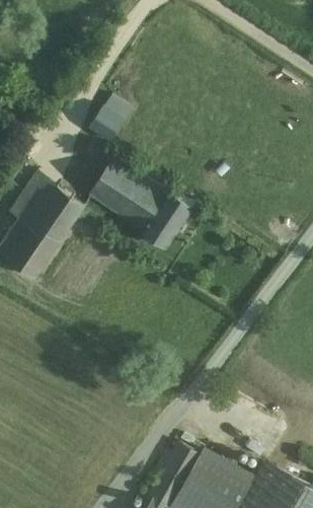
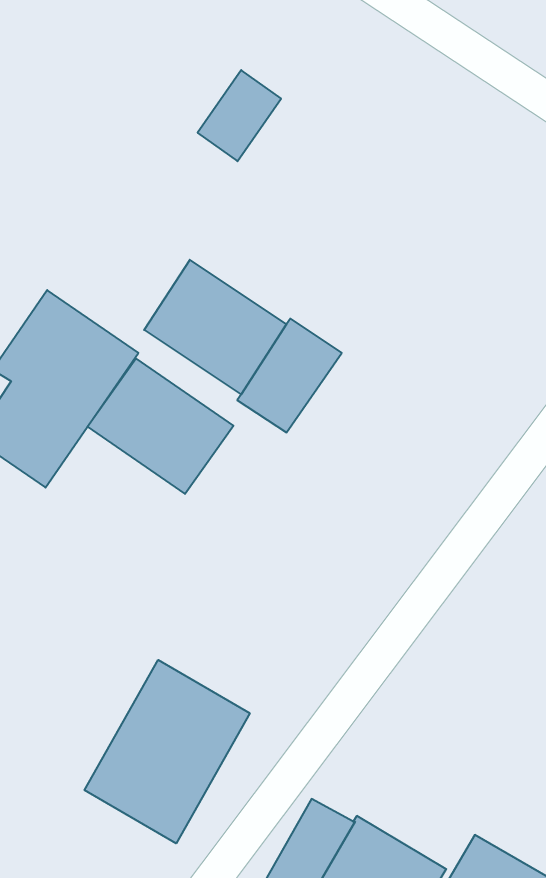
building: [89,95,134,144] -> [198,70,281,161]
building: none -> [87,358,233,494]
building: none -> [85,660,250,843]

